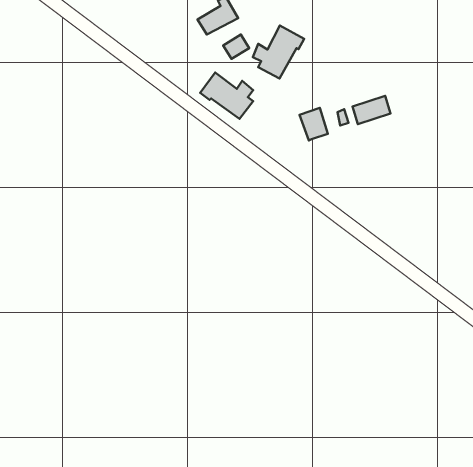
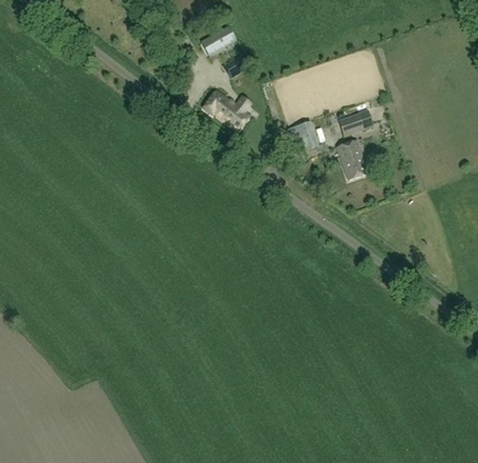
building: [253,26,304,79] -> none
building: none -> [336,139,367,178]

